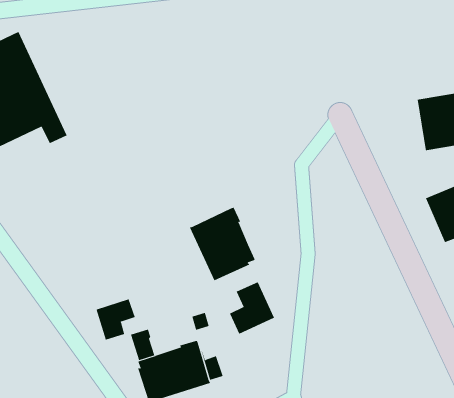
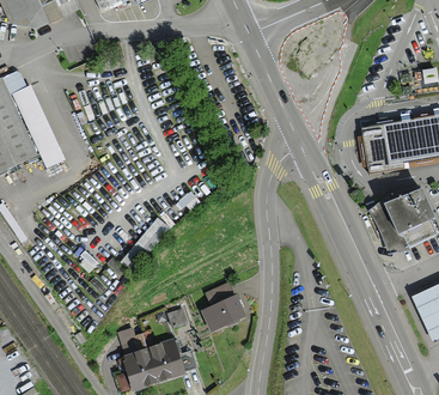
building: [189,207,256,281] -> none
building: [96,299,135,340] -> none

